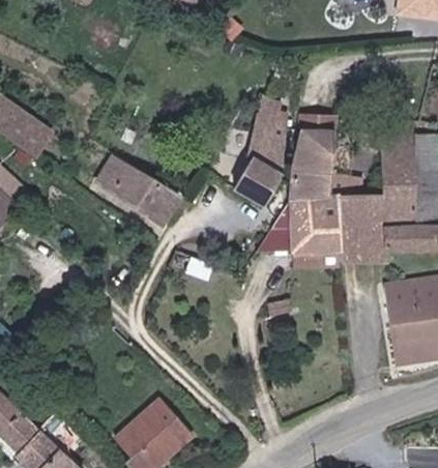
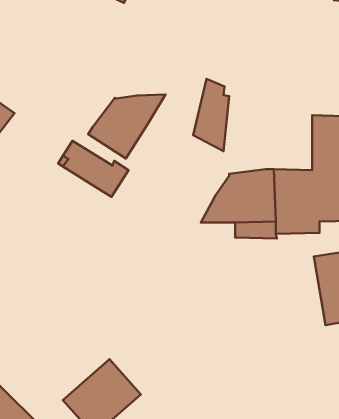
building: none -> [88,94,165,159]
building: [289,128,332,197] -> none
building: [231,154,283,200] -> none

